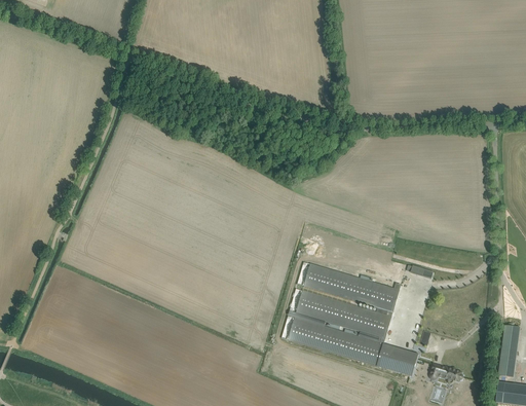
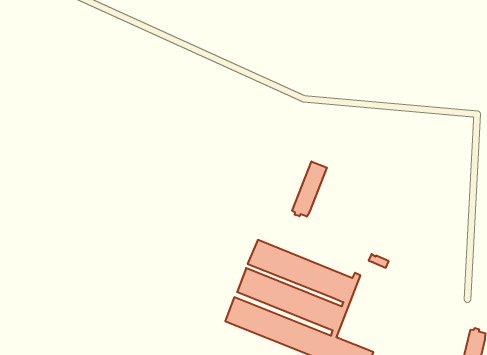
building: none -> [292,161,327,217]

